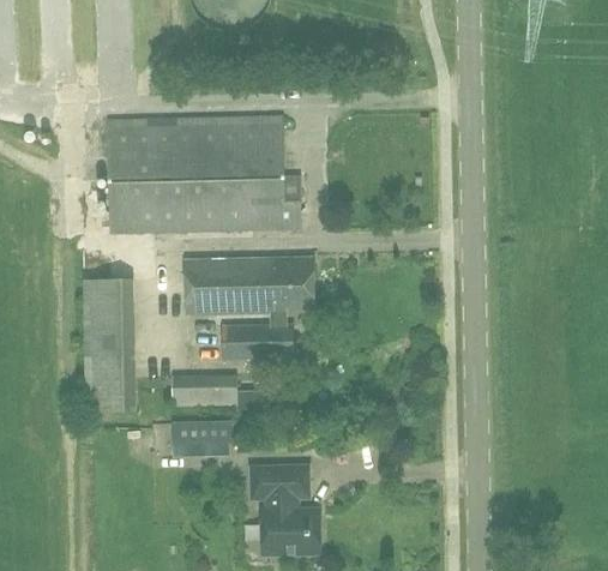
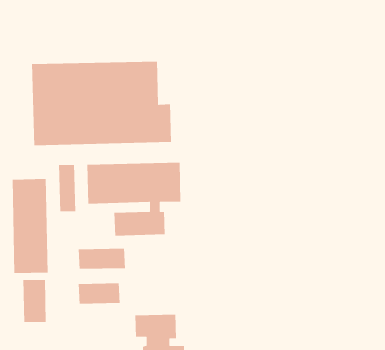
building: none -> [58,164,76,212]
building: none -> [23,279,46,323]

